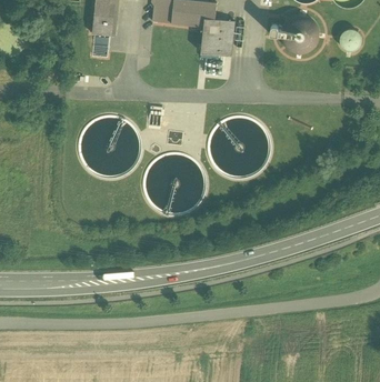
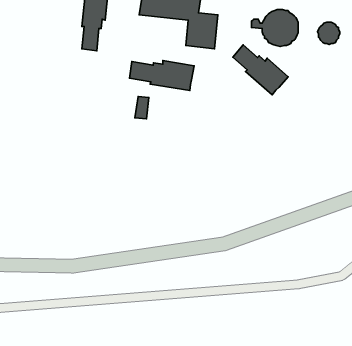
building: none -> [233,45,288,95]
building: none -> [130,60,194,91]

